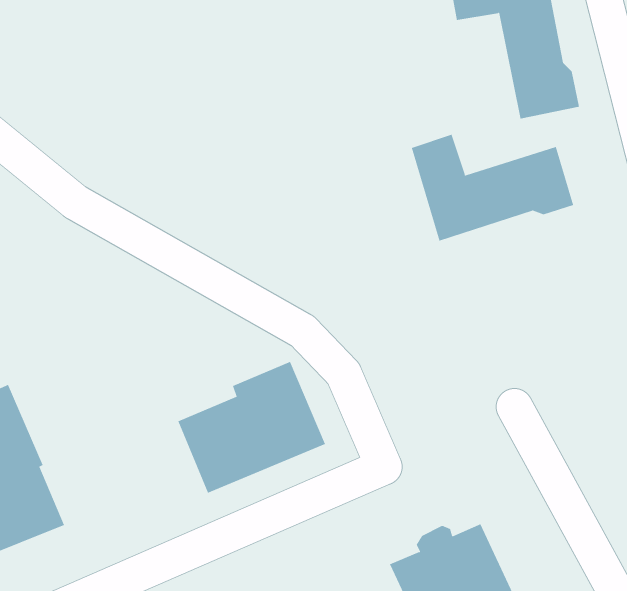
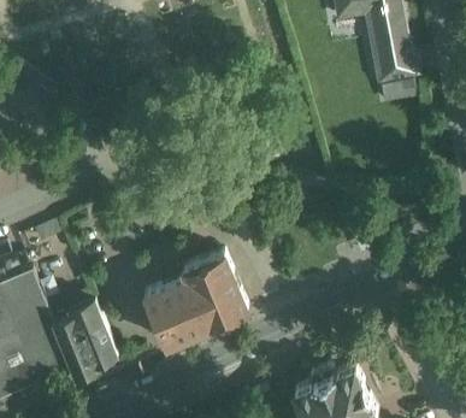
building: [411,134,574,242] -> none
building: none -> [51,310,114,376]

